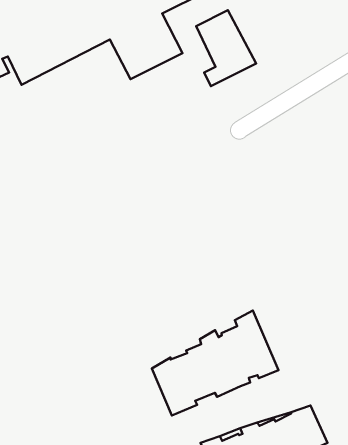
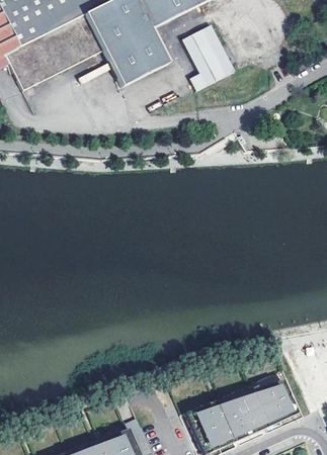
building: [152,310,279,415] -> none

